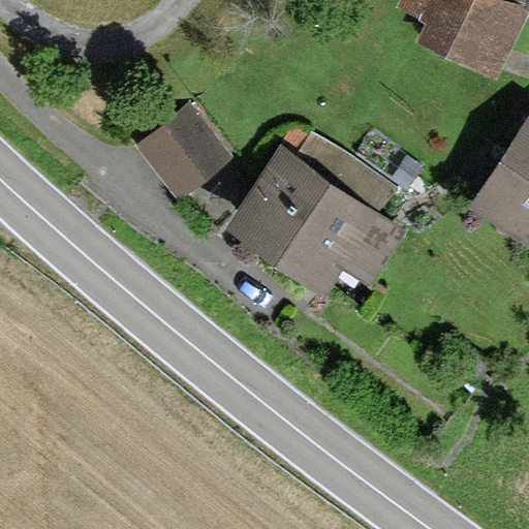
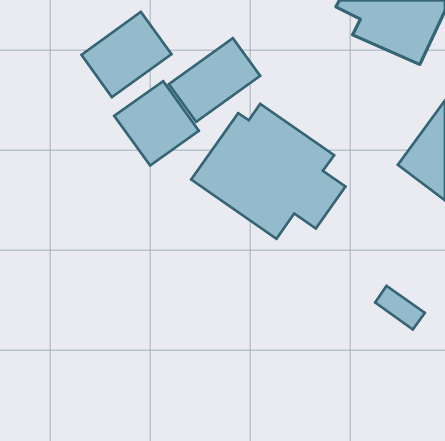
building: none -> [81,12,171,97]
building: none -> [169,38,260,122]

